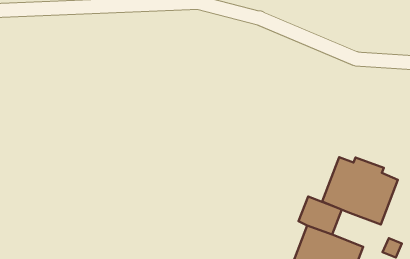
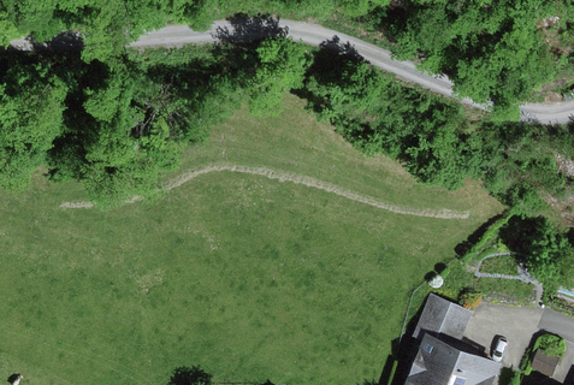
building: [322,157,398,224] -> none

